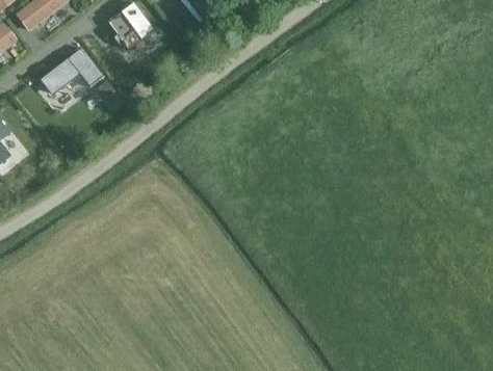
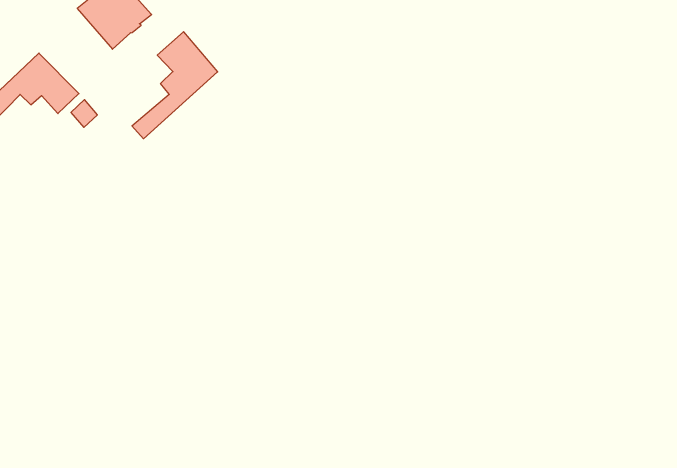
building: none -> [132,32,218,139]

